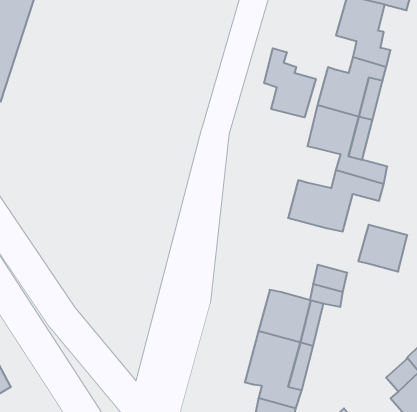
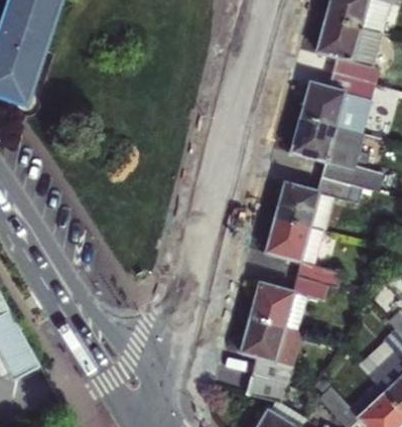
building: [264,48,316,117] -> none
building: [358,225,407,272] -> [269,215,312,256]

